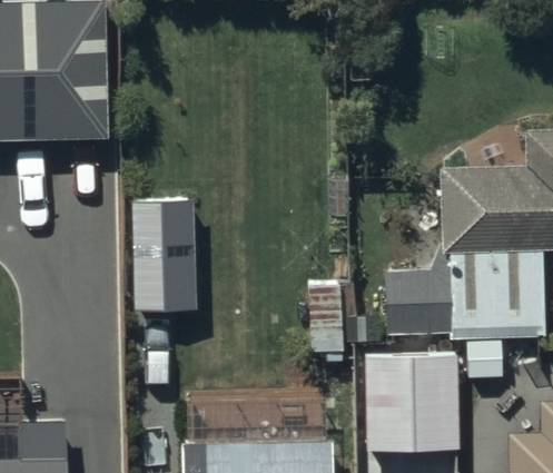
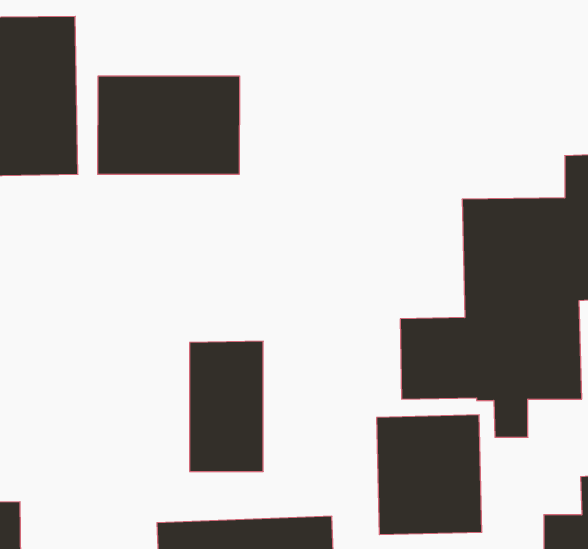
building: none -> [98,76,239,174]
building: [136,199,198,309] -> [190,341,263,471]

